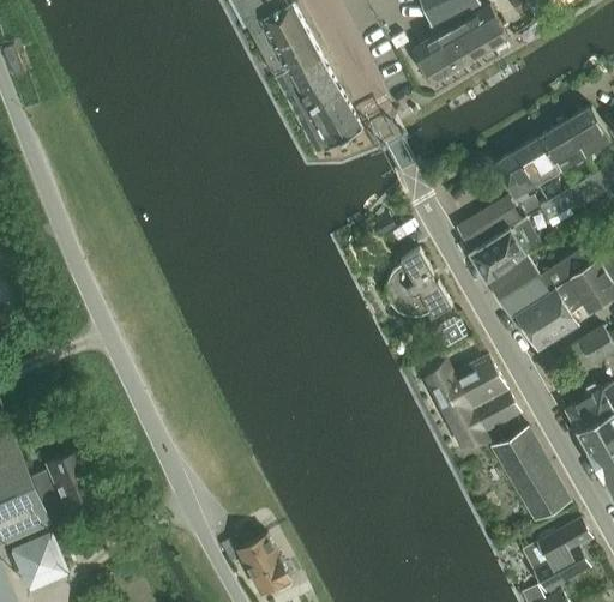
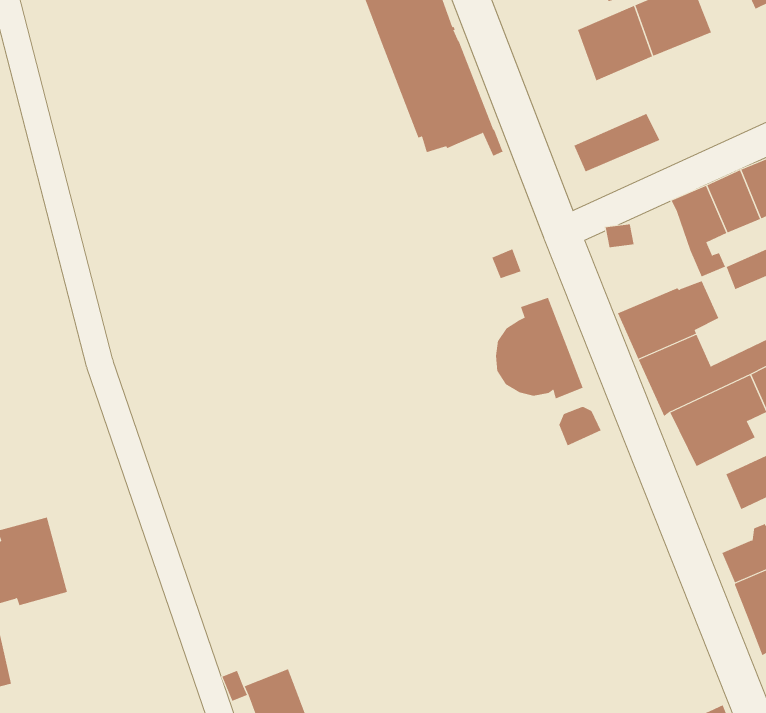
building: [458,198,519,246] -> [573,113,660,172]
building: [429,356,522,446] -> none
building: [493,428,572,523] -> none

